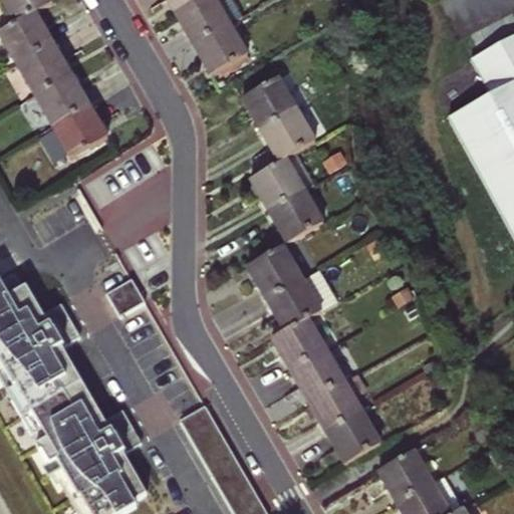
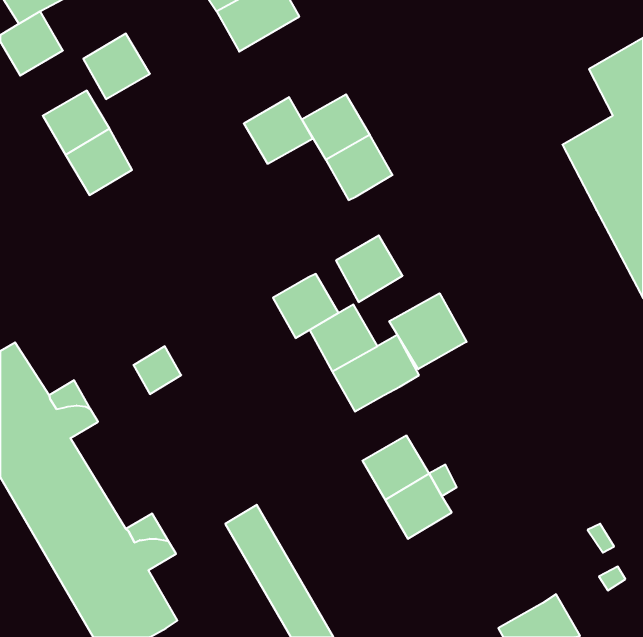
building: [191,20,246,73] -> [244,97,313,164]
building: [16,40,69,92] -> [83,34,150,99]
building: [250,157,302,208] -> [273,274,338,338]
building: none -> [389,293,467,369]
building: [271,315,324,367] -> none
building: [325,409,378,461] -> none
building: [379,449,433,501] -> none

